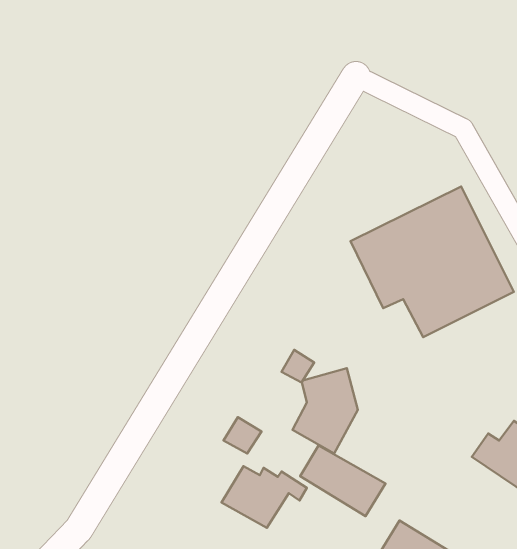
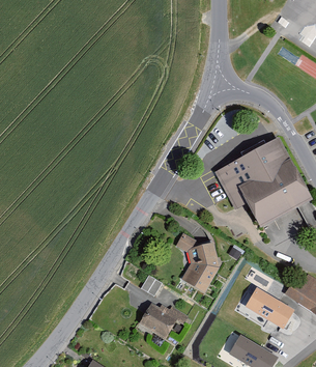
building: [300,445,386,516] -> [248,283,296,323]

